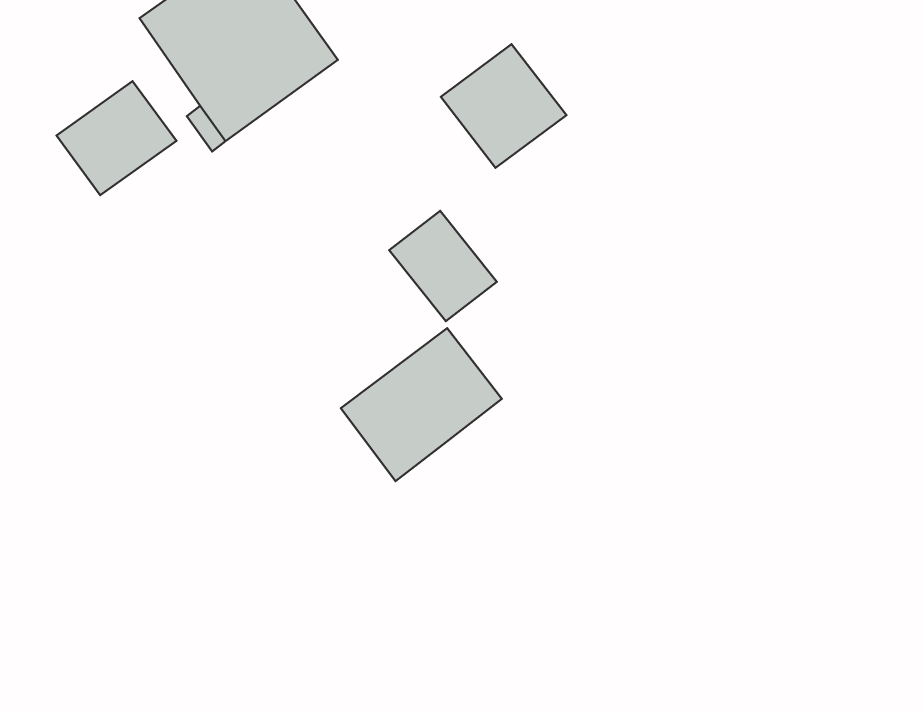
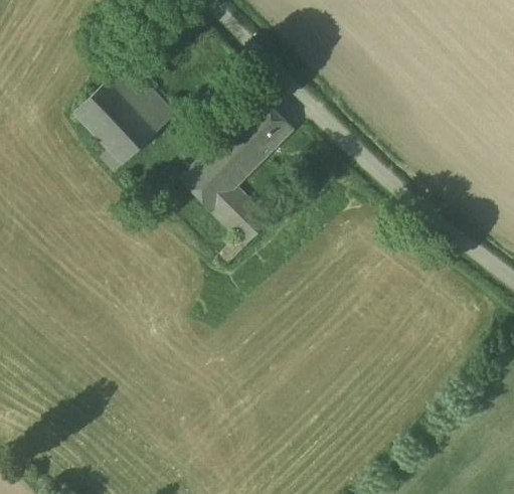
building: [56,81,176,195] -> none
building: [341,328,502,481] -> [182,131,263,211]

